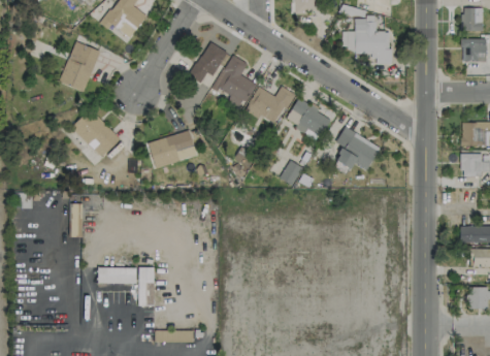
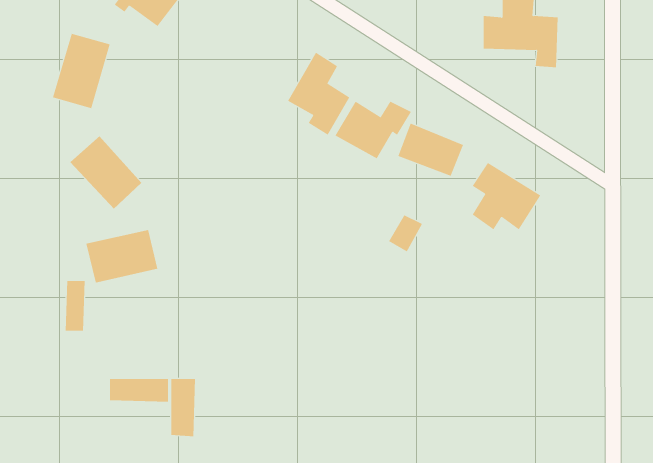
building: [189,42,227,84] -> none
building: [149,132,196,167] -> [86,229,158,283]

